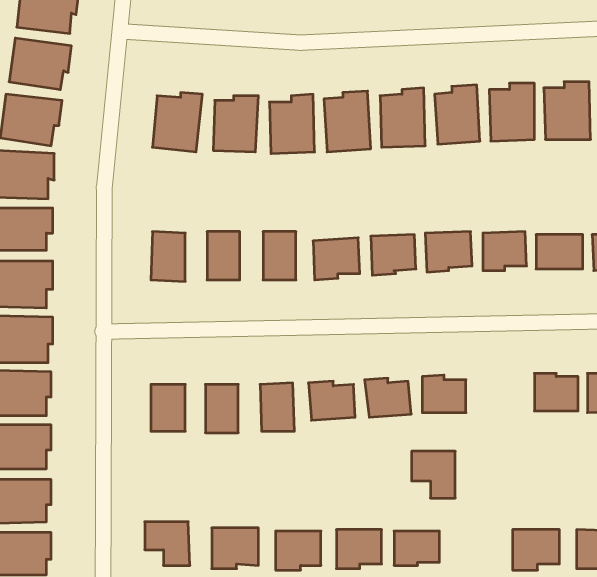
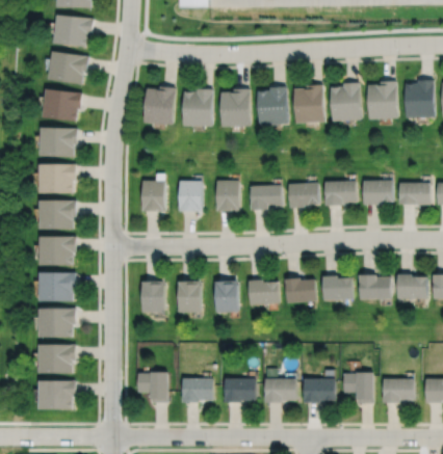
building: none -> [360,275,390,299]
building: [412,451,455,498] -> [344,373,373,404]

